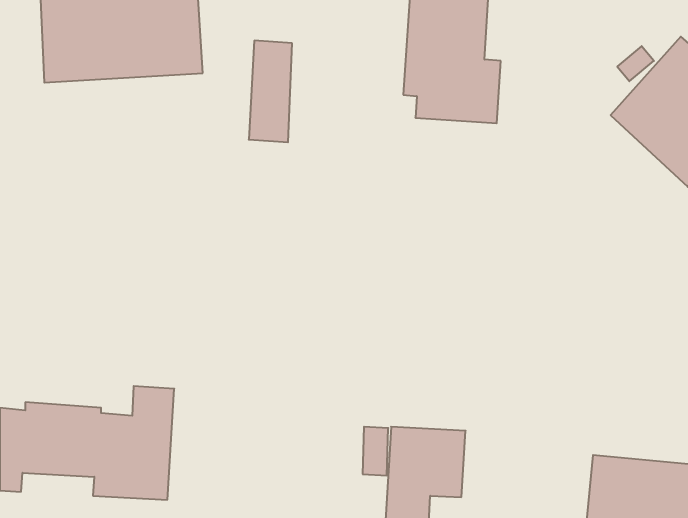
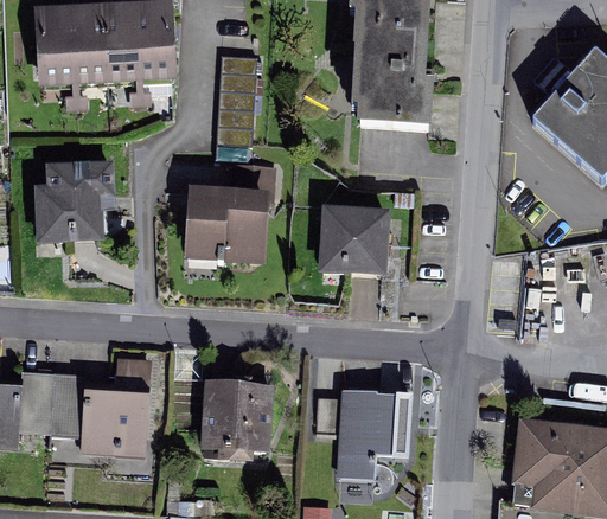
building: none -> [39,165,115,239]
building: none -> [173,168,267,273]
building: none -> [313,214,381,278]
building: none -> [205,382,271,450]

